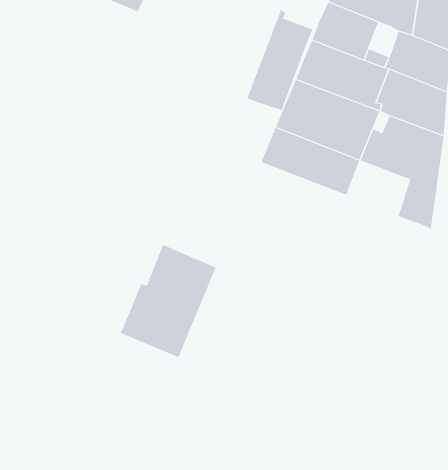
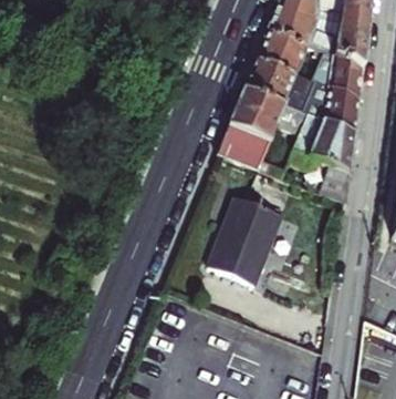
building: [247,9,313,111] -> none
building: [120,244,217,358] -> [207,197,280,284]

